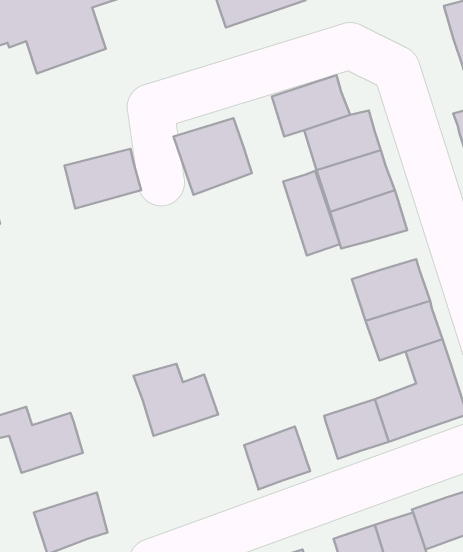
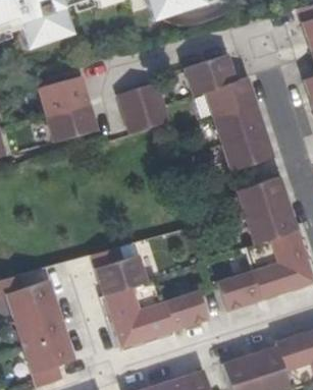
building: none -> [39,76,90,114]
building: [283,171,340,255] -> none
building: none -> [105,284,174,345]
building: none -> [17,304,67,344]

